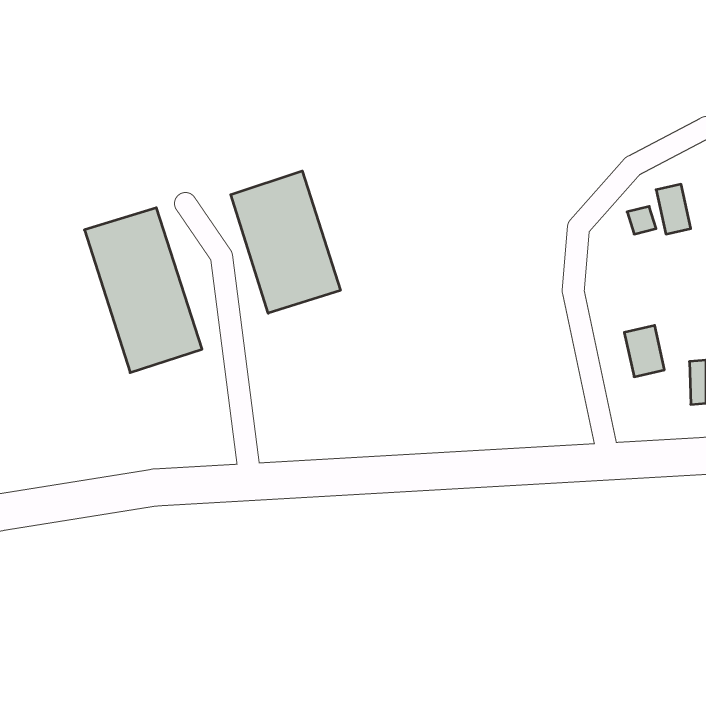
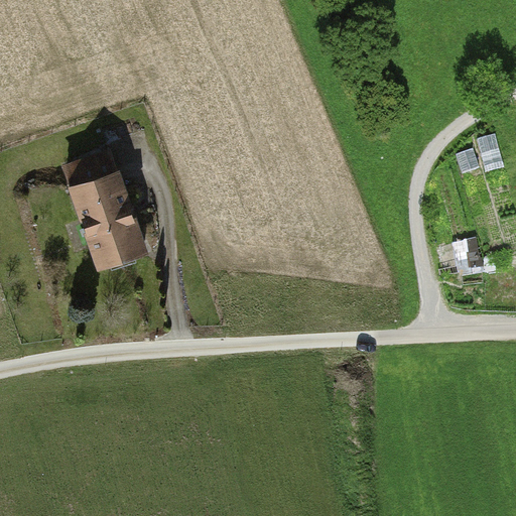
building: [231,171,340,313] -> none

